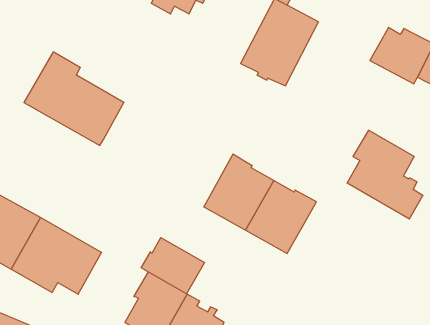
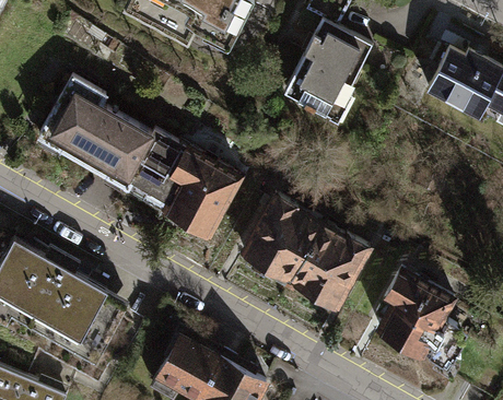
building: none -> [130,131,241,232]
building: [347,130,423,219] -> [378,268,464,367]
building: [141,238,205,294] -> none

